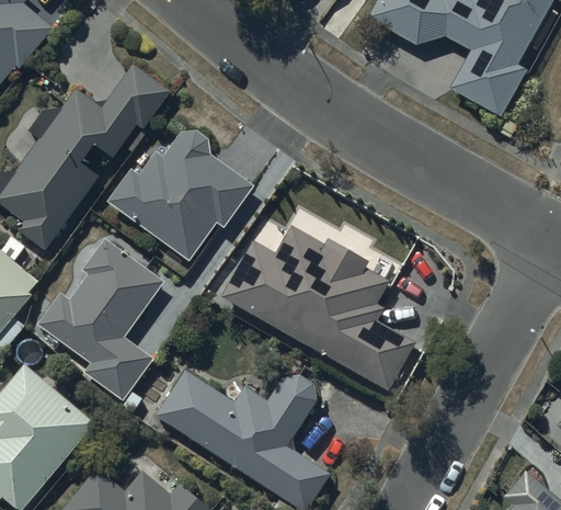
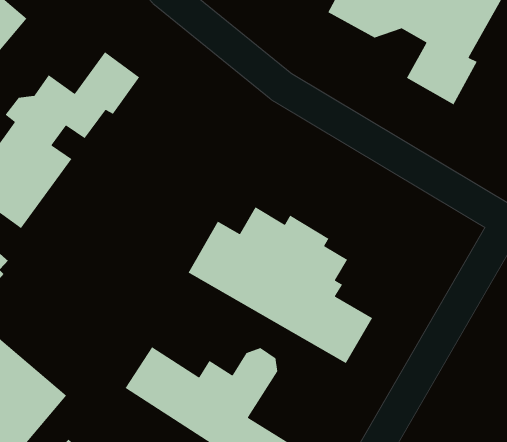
building: [106,127,254,259] -> none
building: [36,238,163,398] -> none

